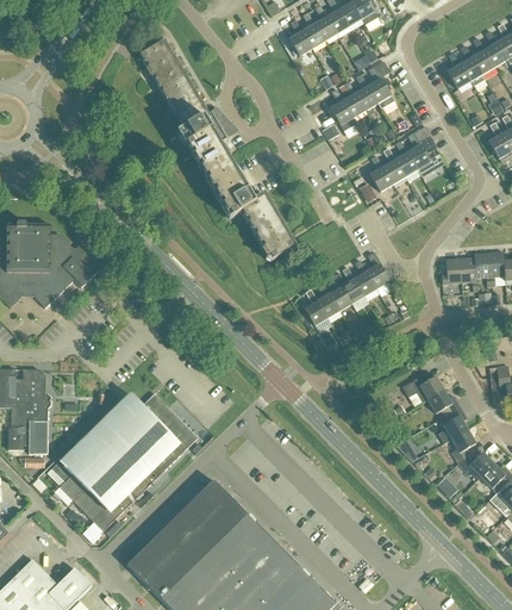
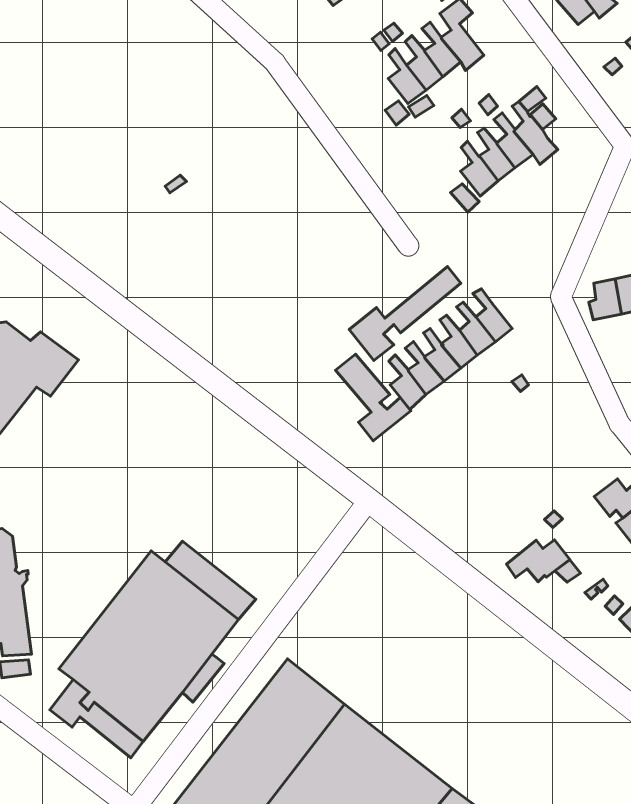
building: [139,42,292,260] -> none
building: none -> [349,267,461,361]
building: none -> [335,354,411,441]
building: [402,374,444,402] -> [507,540,570,582]

